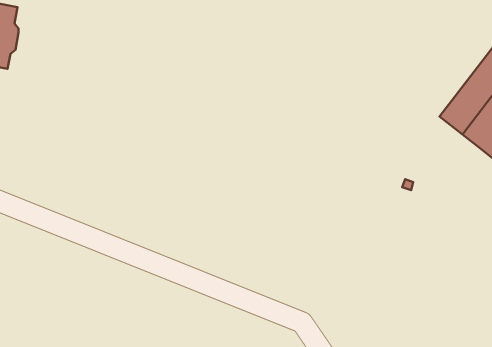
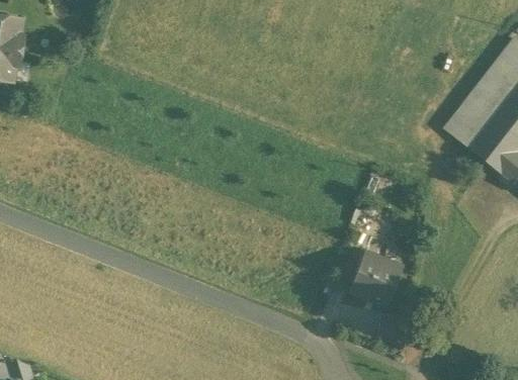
building: none -> [347,250,402,306]

